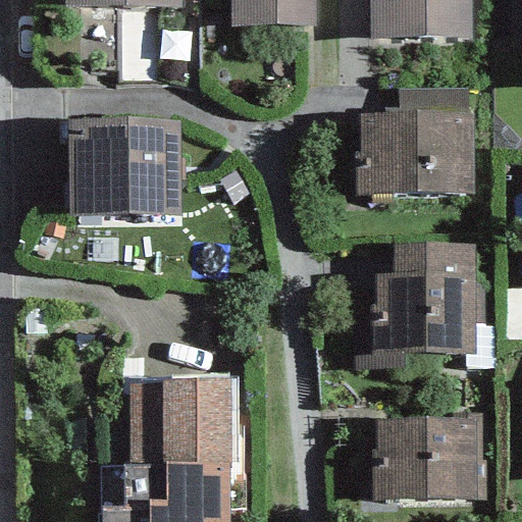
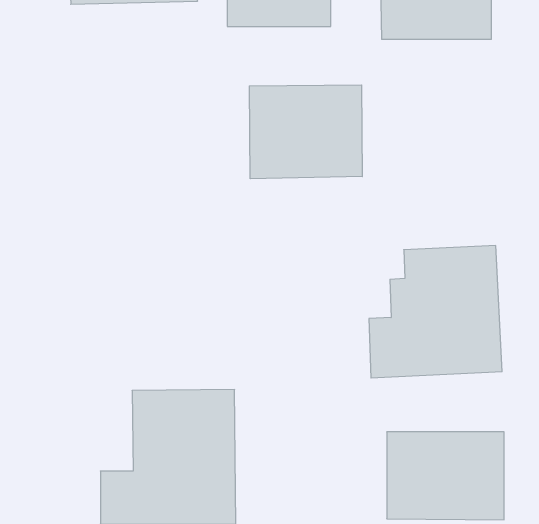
building: none -> [249,85,362,179]
building: [69,111,181,207] -> none
building: [362,115,479,196] -> none

